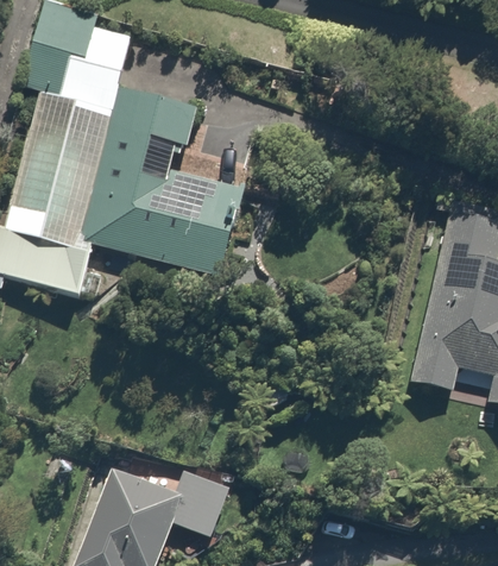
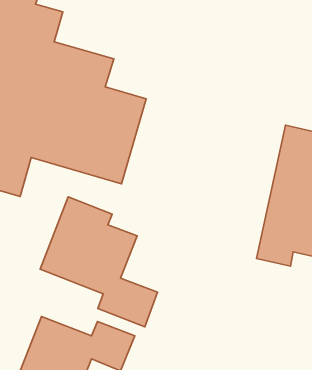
building: none -> [40,197,157,327]

